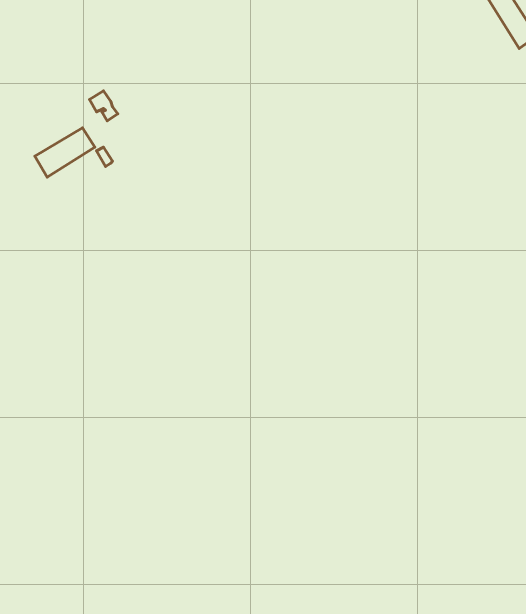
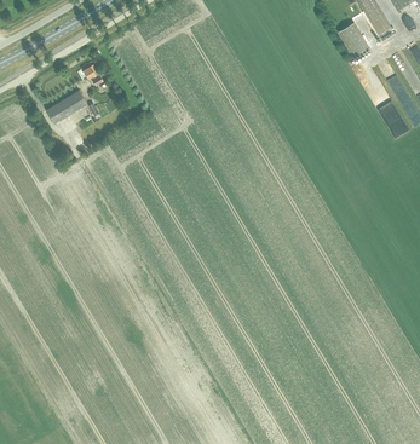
building: none -> [338,22,370,58]

